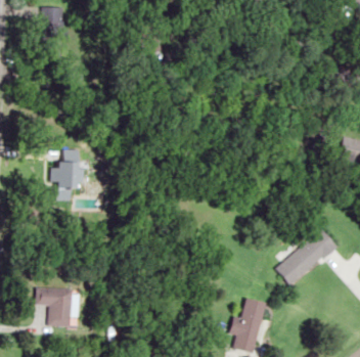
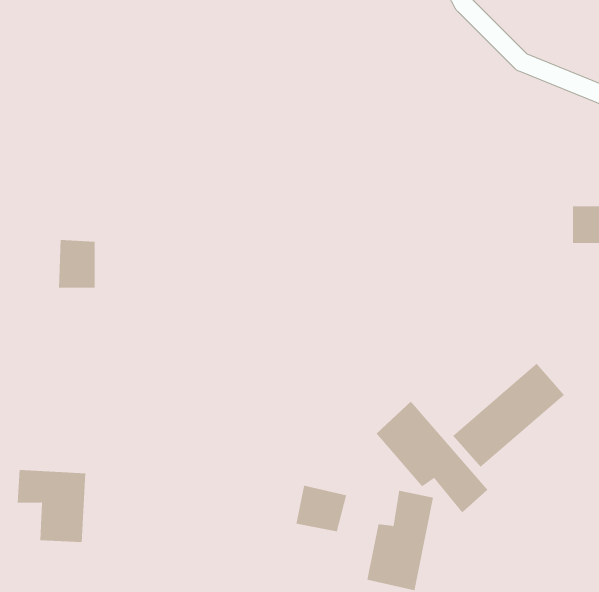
building: none -> [376,401,488,513]
building: none -> [296,485,347,532]

